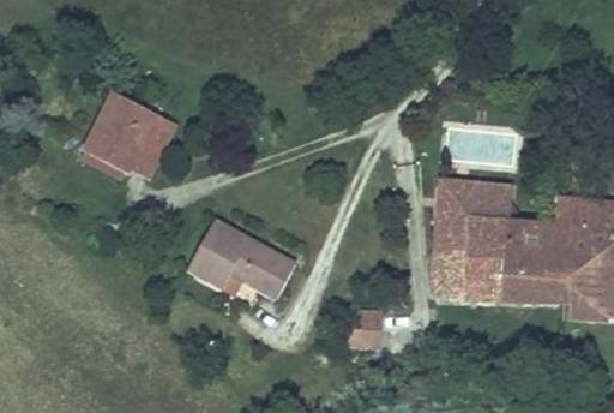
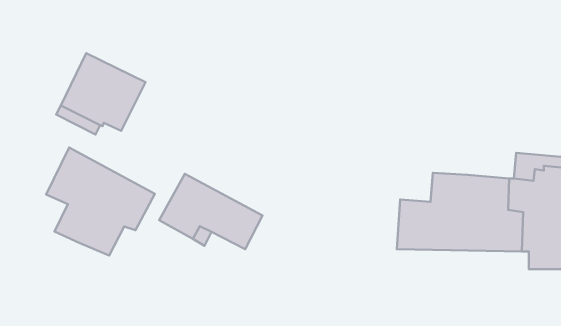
building: [438,180,510,247] -> none
building: none -> [46,148,155,256]
building: [349,309,381,347] -> none

